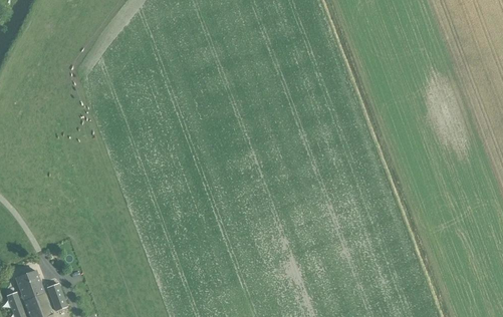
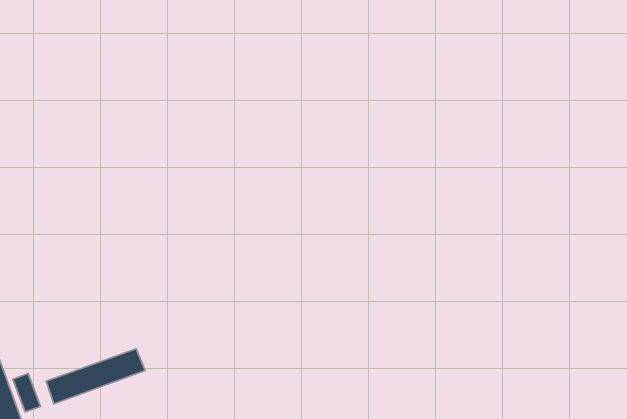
building: none -> [46,349,145,404]

